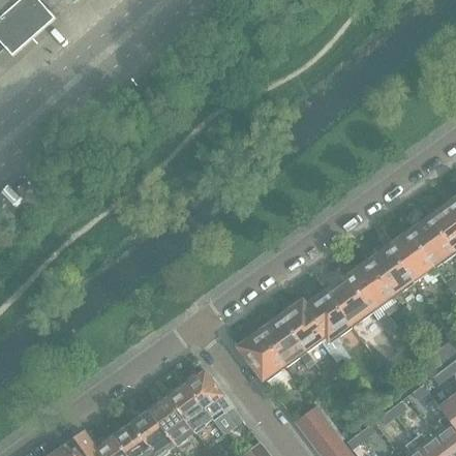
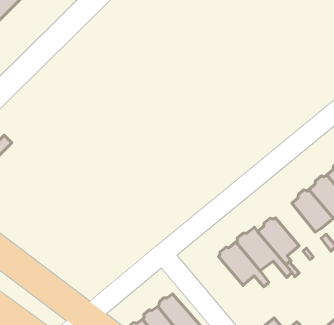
building: [327,275,371,325] -> none
building: [238,331,284,381] -> none

